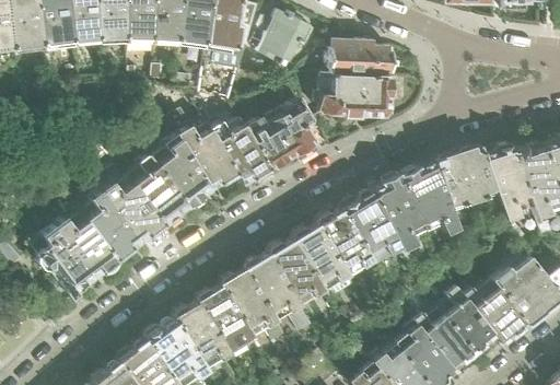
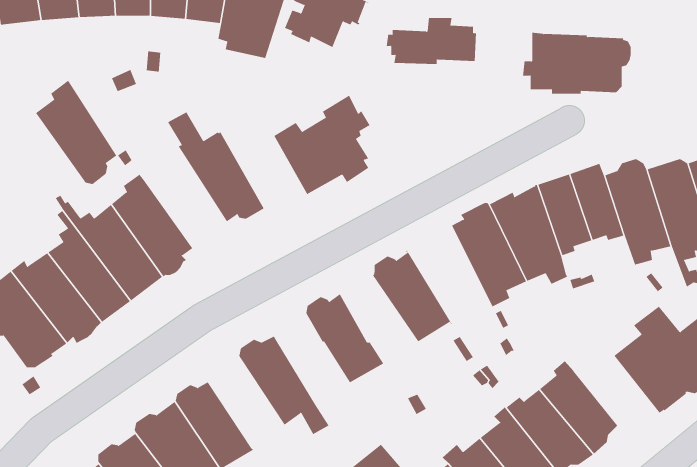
building: [317,71,396,116] -> [522,32,632,94]
building: [211,116,273,183] -> none
building: [153,132,212,208] -> [35,80,117,184]
building: [342,189,404,260] -> none
building: [293,225,350,289] -> none
building: [245,253,314,331] -> none
building: [463,282,526,342] -> none
building: [198,285,254,350] -> none

